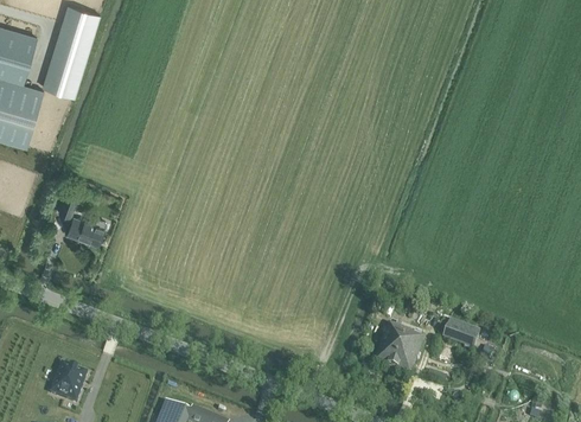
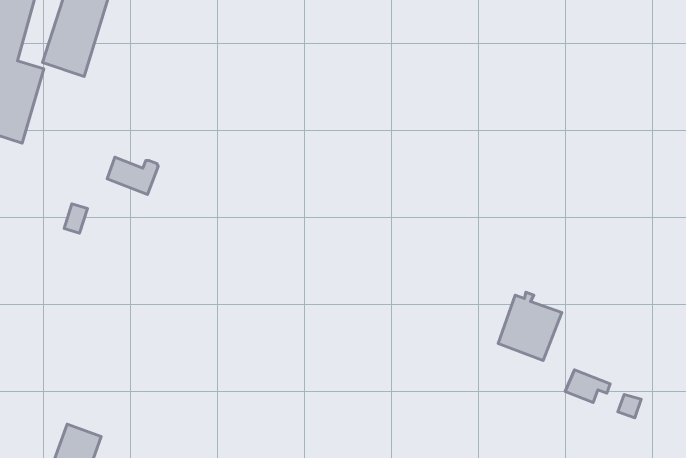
building: [66,217,106,245] -> [107,157,158,194]
building: [375,320,423,372] -> [498,292,562,361]

